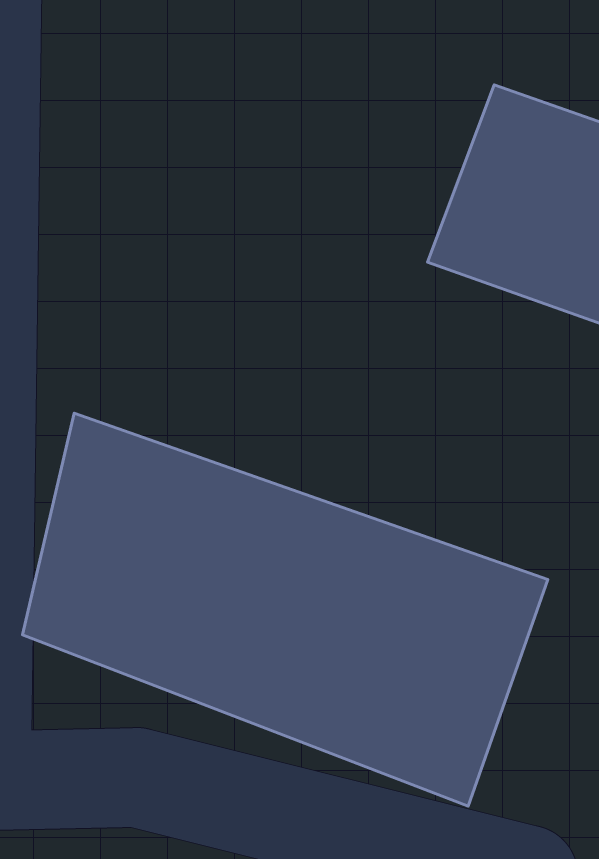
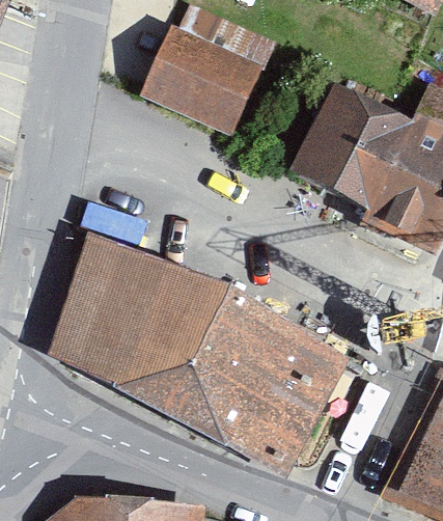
building: none -> [140,21,269,136]

